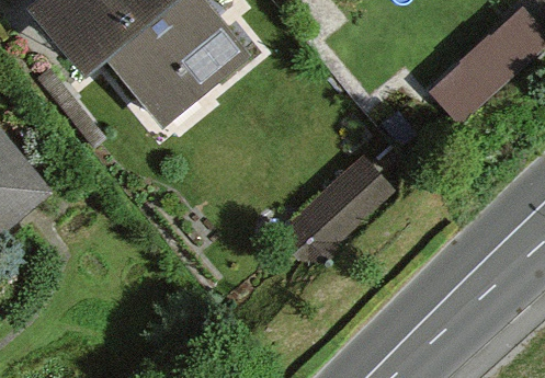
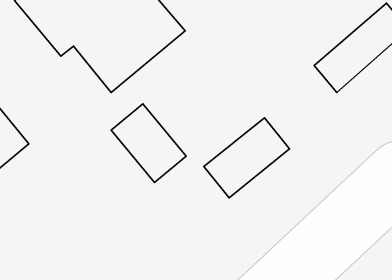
building: none -> [111,104,186,182]

